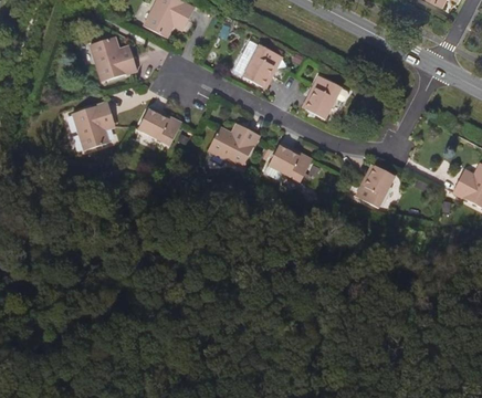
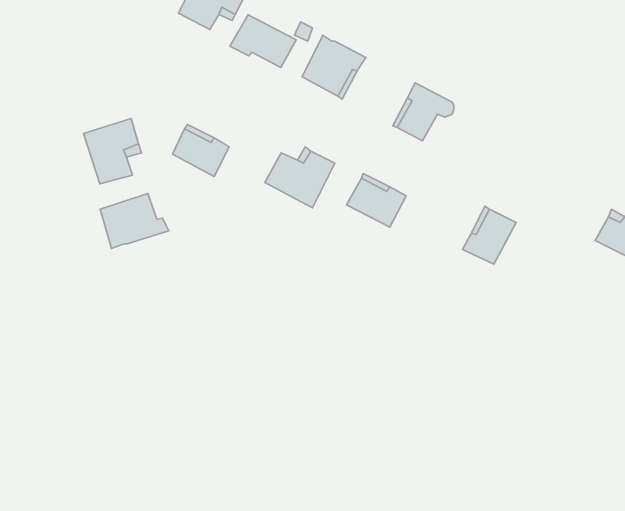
building: none -> [230,15,296,67]
building: [91,36,136,81] -> none
building: none -> [100,194,169,249]

